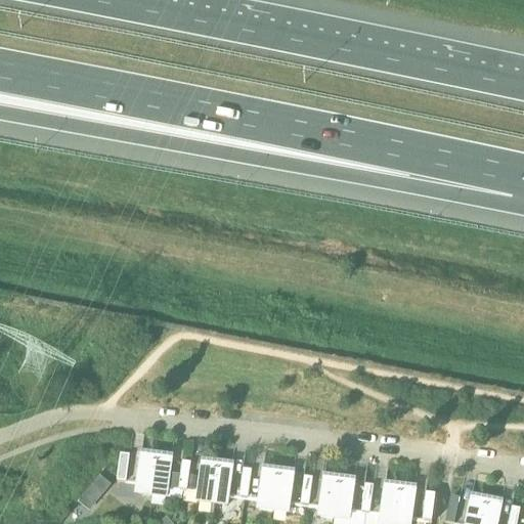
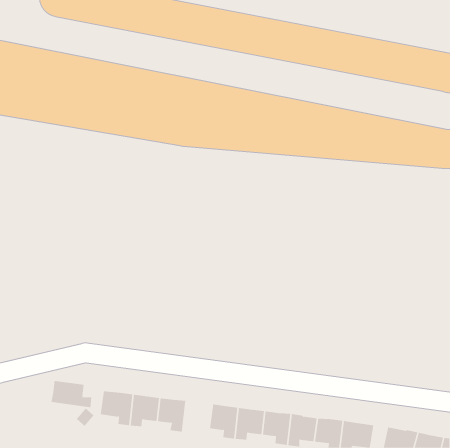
building: none -> [51,380,92,408]
building: [212,465,247,504] -> none

